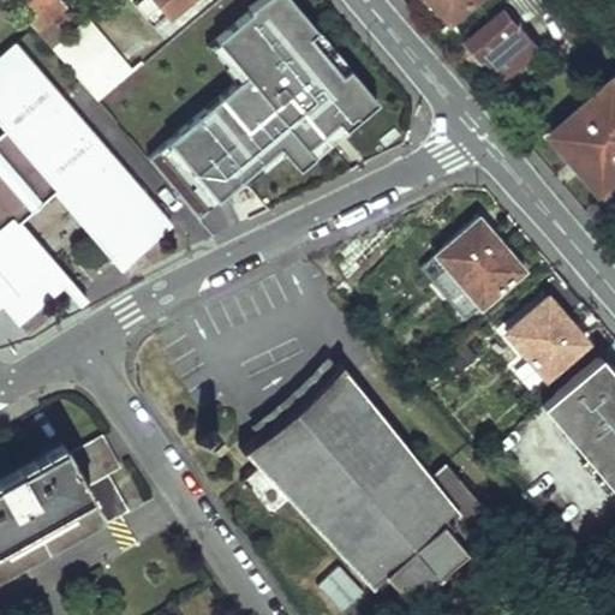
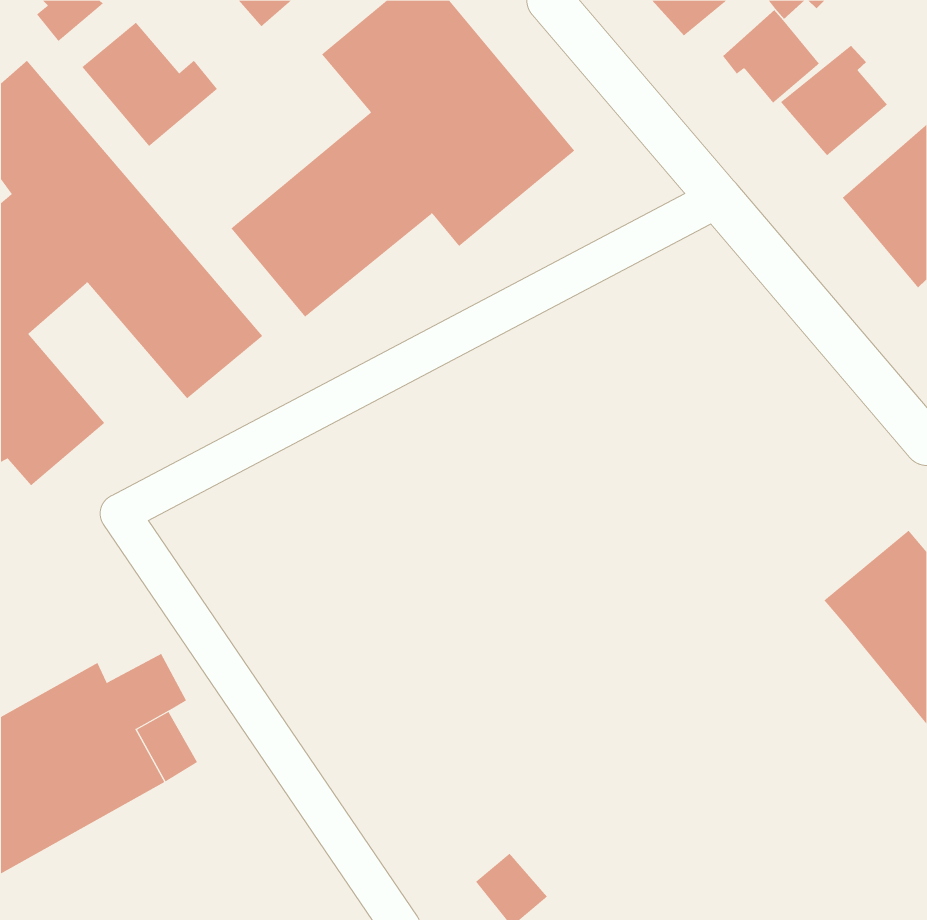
building: none -> [780,45,888,156]
building: [437,220,525,306] -> none
building: [495,298,589,390] -> none
building: [241,364,490,604] -> none

